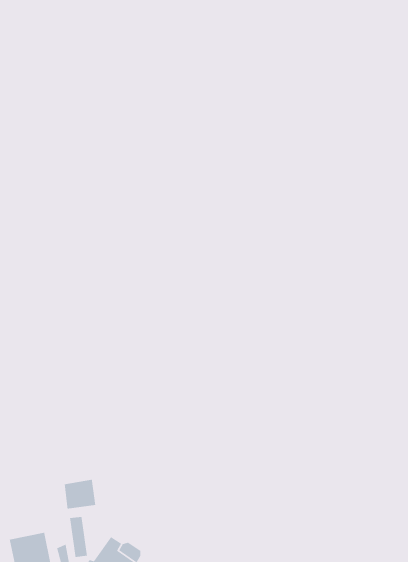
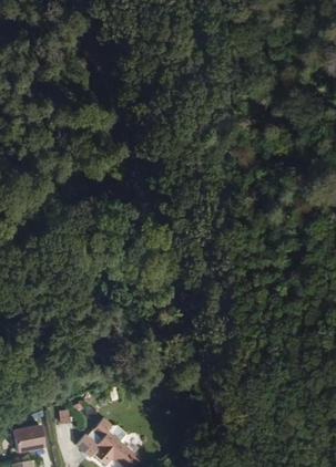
building: [64,479,96,510] -> none

